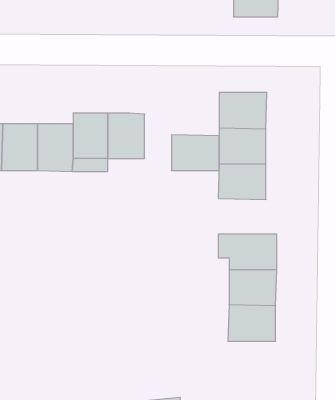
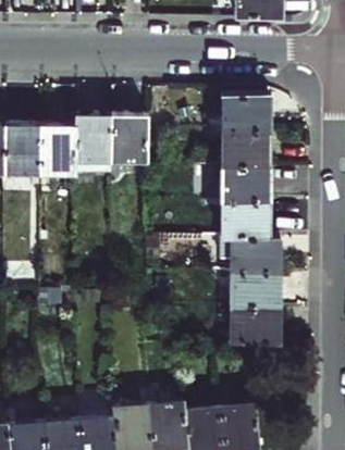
building: [171,135,219,171] -> [221,202,269,238]

